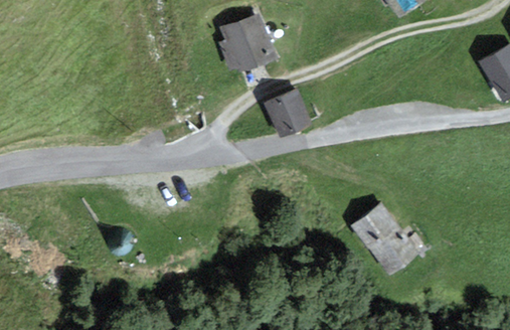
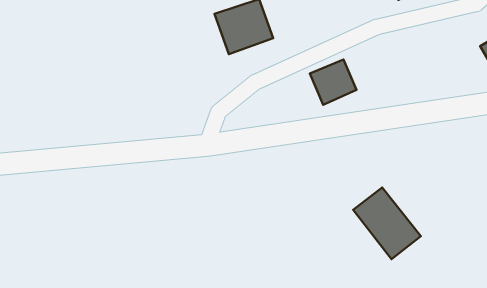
building: [263,90,309,135] -> [310,59,356,105]

